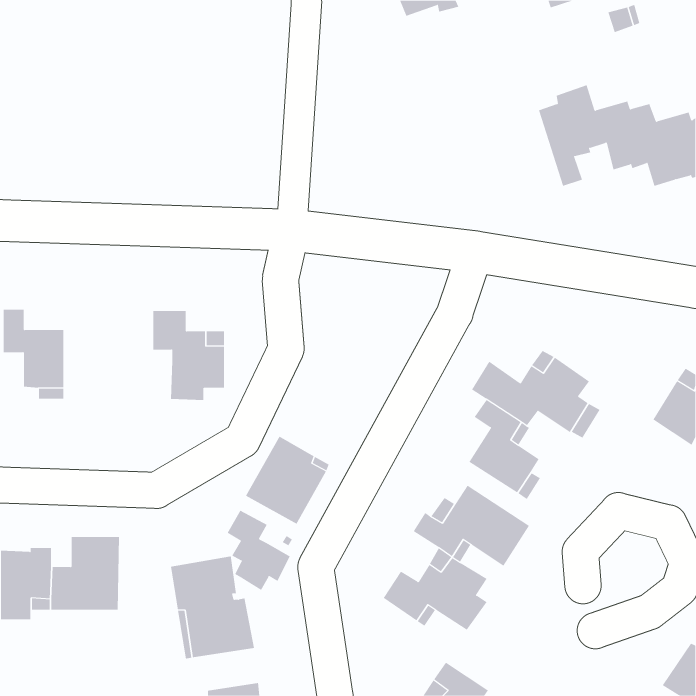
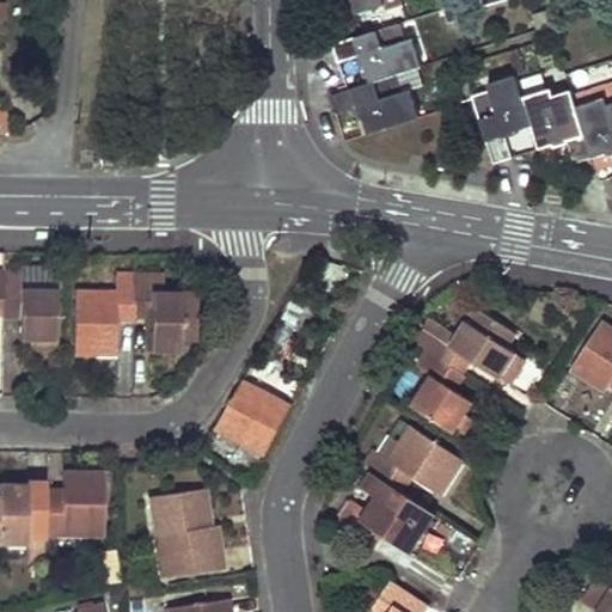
building: none -> [329,23,423,134]
building: none -> [74,273,134,355]
building: [227,510,291,591] -> none

